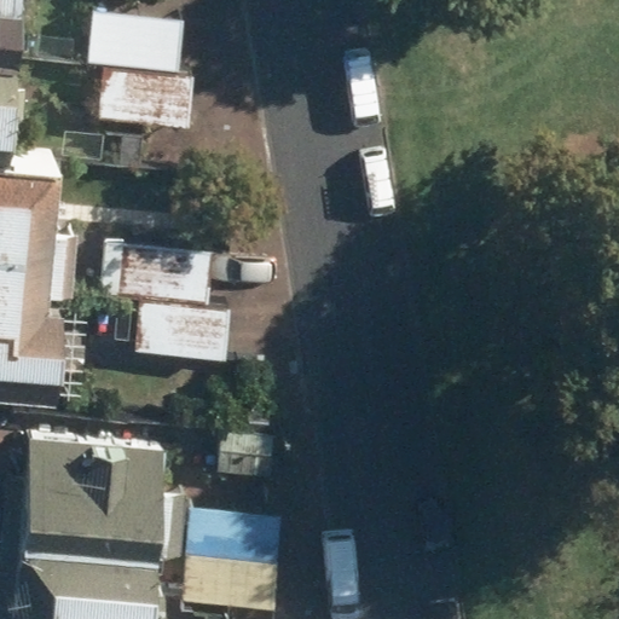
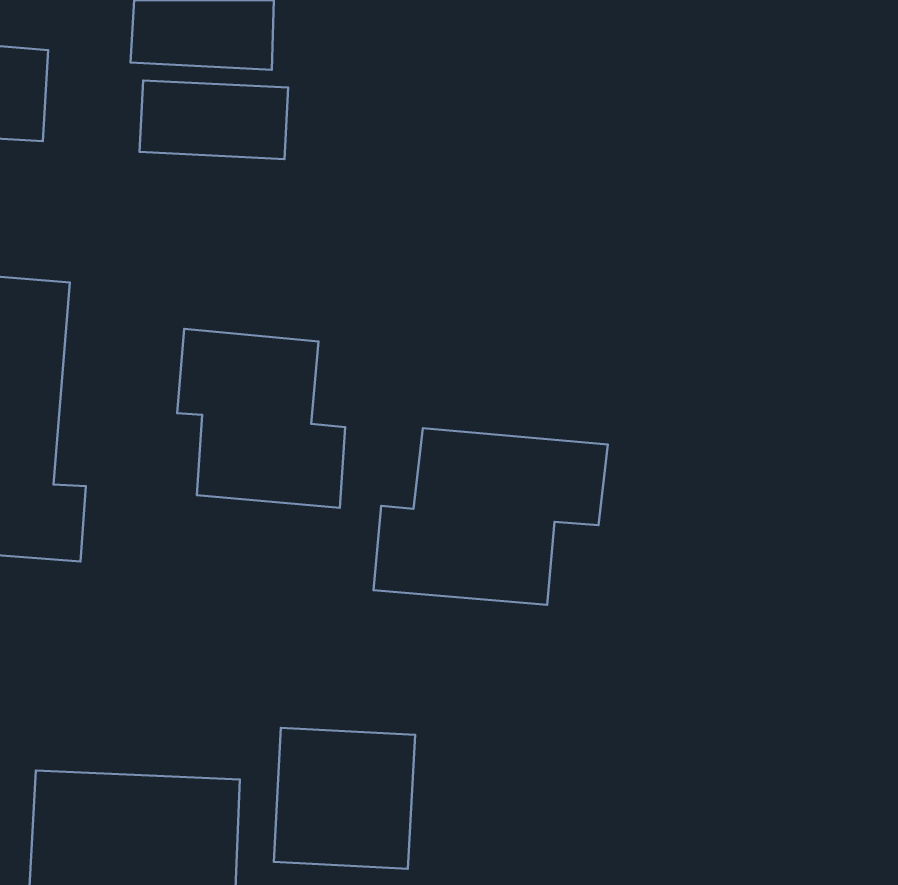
building: none -> [374,428,608,605]
building: [24,444,155,532] -> none

